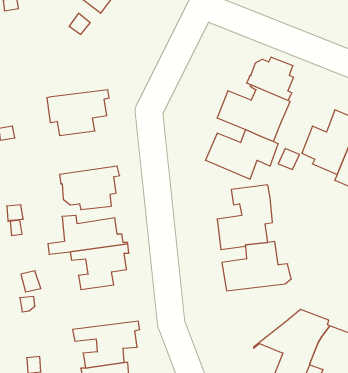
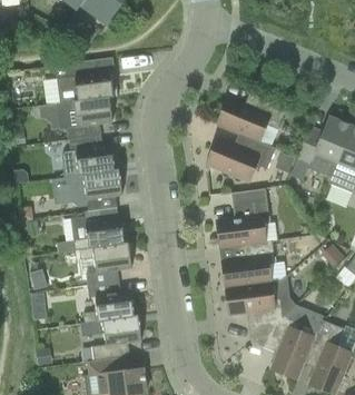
building: none -> [57,58,118,105]
building: [247,57,293,100] -> none
building: none -> [61,137,122,178]
building: none -> [226,277,296,342]
building: none -> [80,283,142,325]

